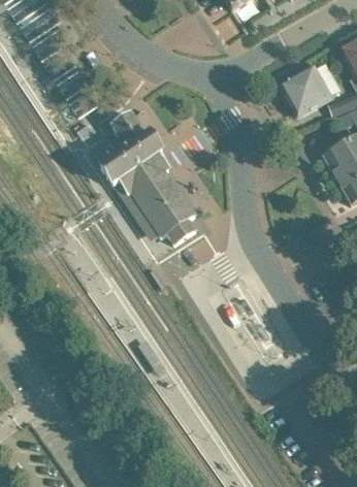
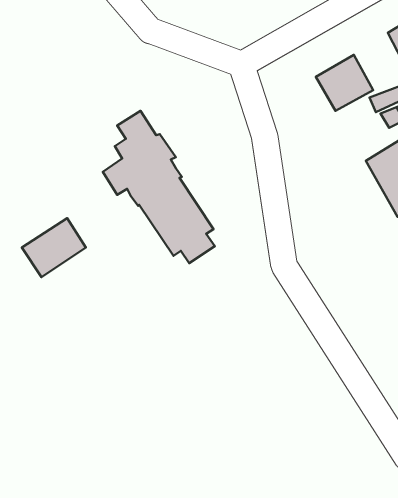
building: none -> [22,218,86,277]

